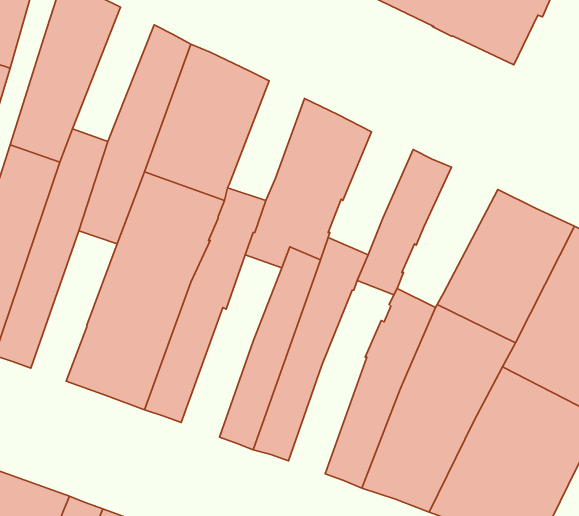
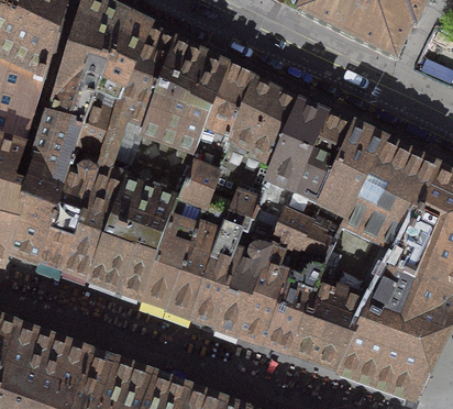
building: none -> [92,19,148,111]
building: none -> [199,69,252,152]
building: none -> [268,104,327,189]
building: none -> [316,129,385,225]
building: none -> [64,173,123,276]
building: none -> [167,189,236,314]
building: none -> [241,207,313,340]

